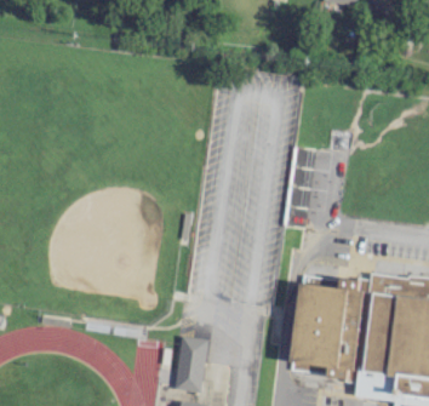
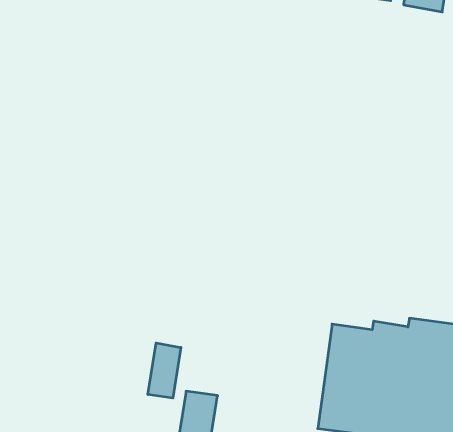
building: none -> [148,343,181,398]

